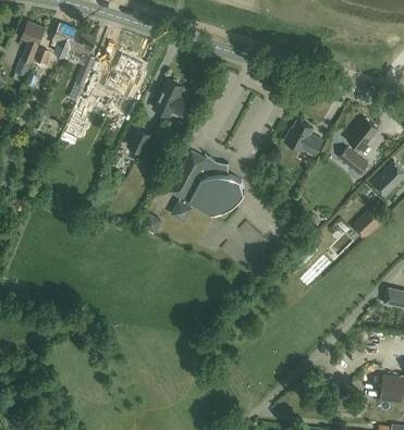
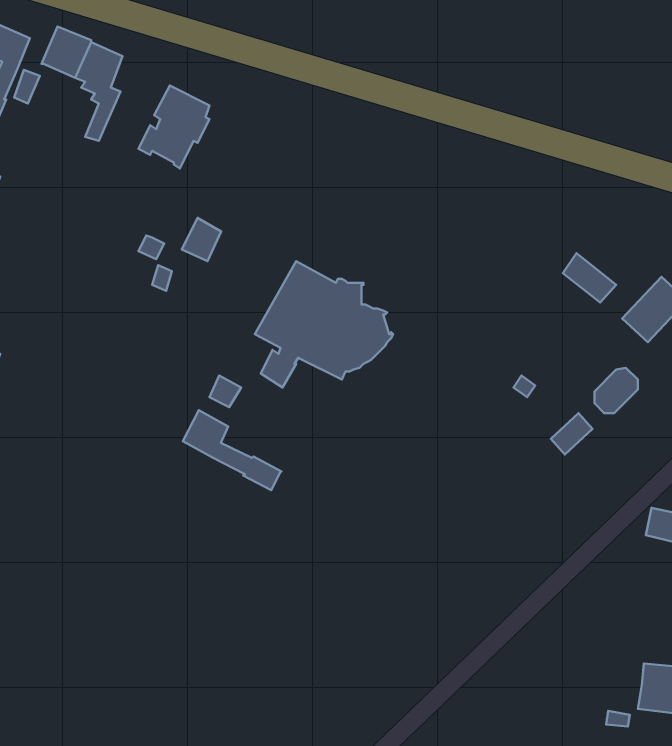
building: [154,78,186,114] -> none
building: [346,118,377,150] -> none
building: [283,120,322,155] -> none
building: none -> [183,410,282,490]

